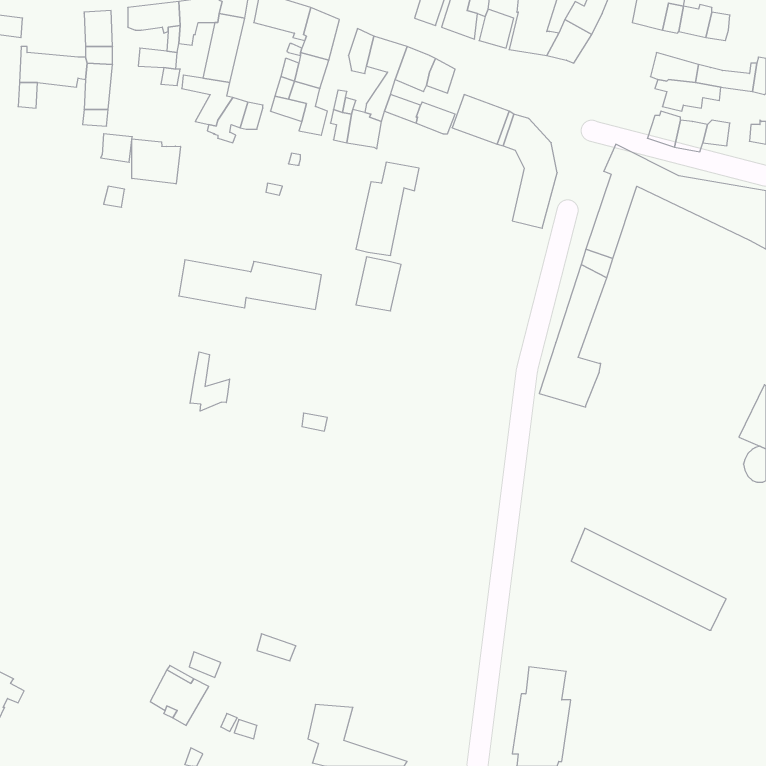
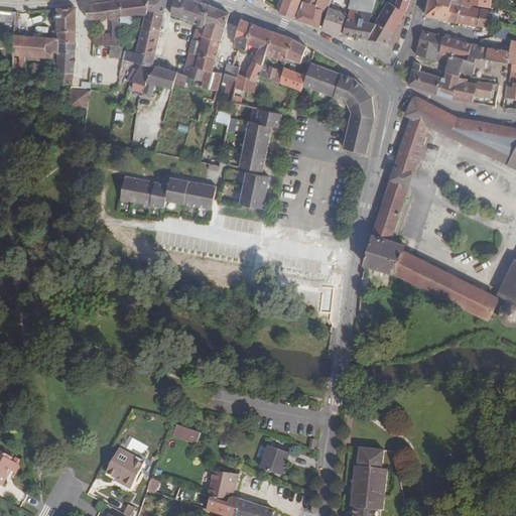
building: none -> [413,30,441,61]
building: none -> [406,61,439,93]
building: [132,139,180,184] -> none
building: [190,352,230,411] -> none
building: [571,528,726,630] -> [393,250,497,318]
building: none -> [260,446,286,475]

